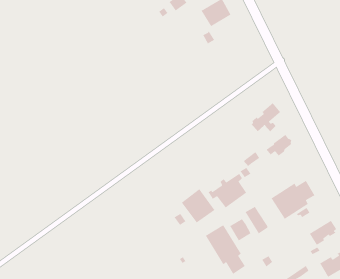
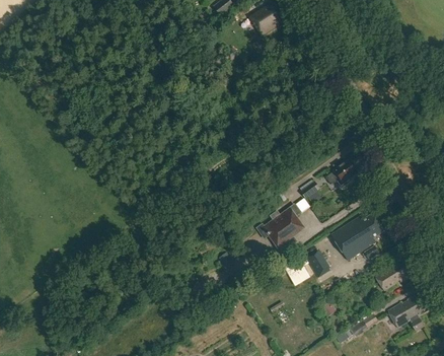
building: [251,102,281,132] -> none
building: [181,188,215,224] -> none
building: [205,224,246,275] -> none

